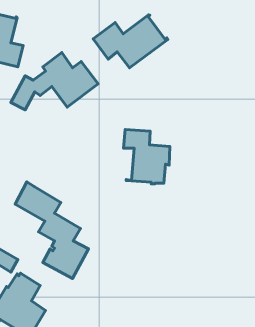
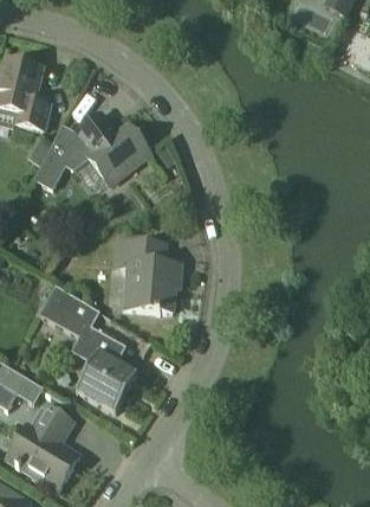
building: [93,15,168,68] -> none
building: [124,130,170,184] -> [118,239,180,312]

